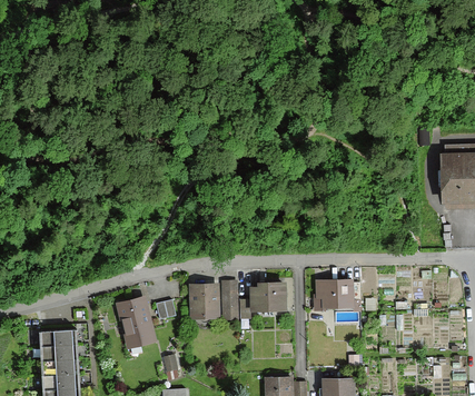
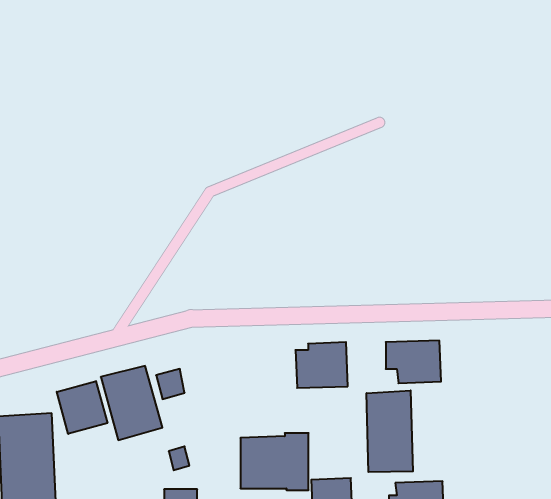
building: [189,280,237,320] -> [240,433,309,490]
building: none -> [57,381,107,434]
building: none -> [367,390,413,472]

